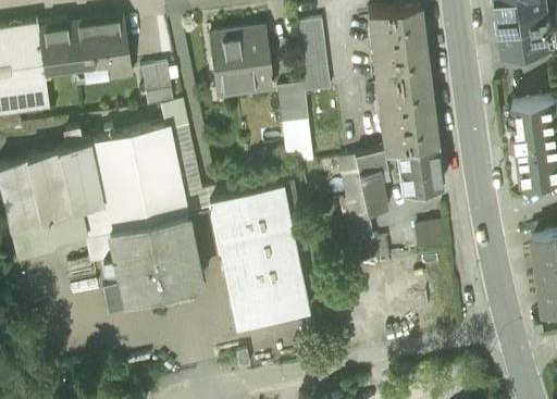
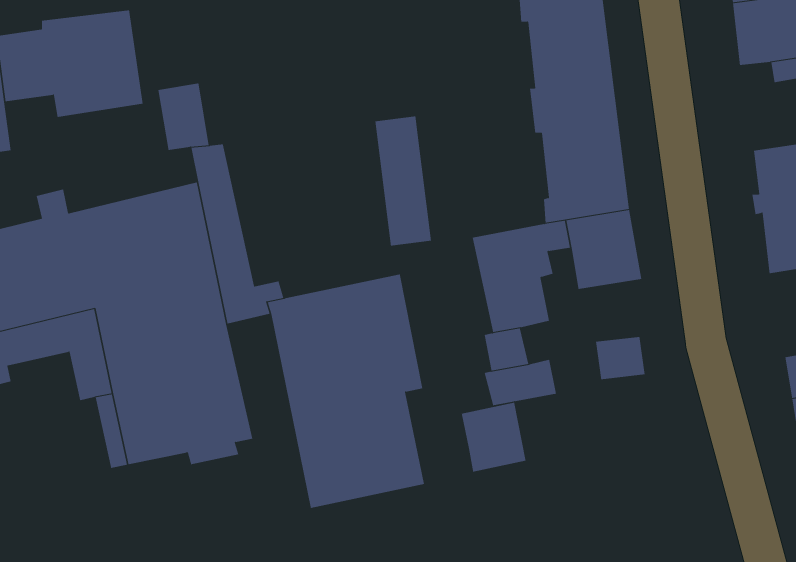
building: [296,21,330,93] -> none
building: [209,28,274,97] -> none
building: none -> [461,402,526,472]

